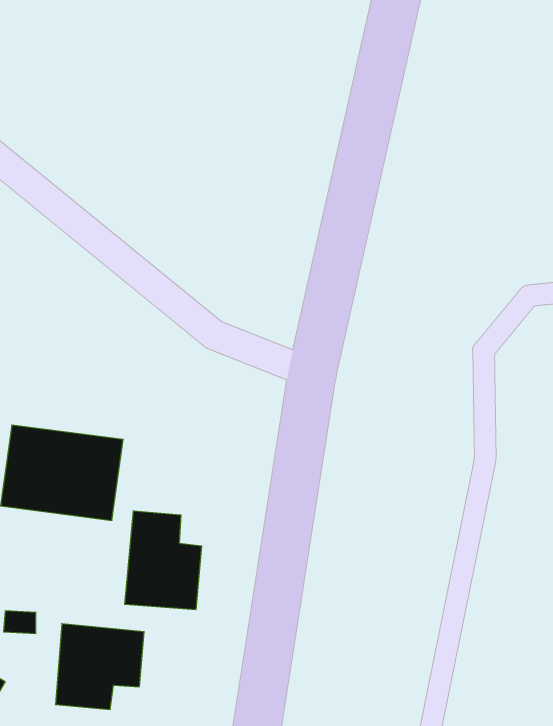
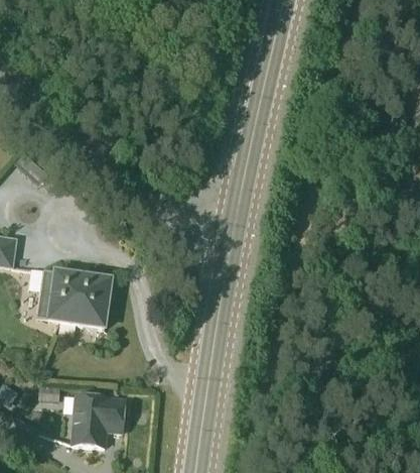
building: [125,511,201,610] -> none

